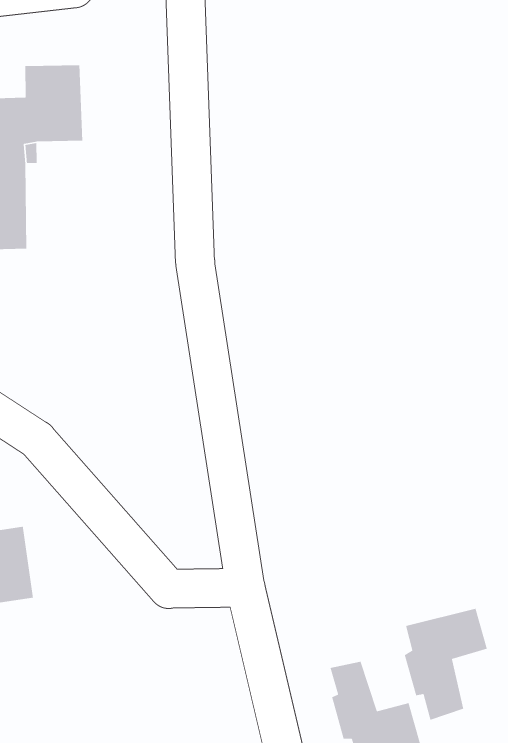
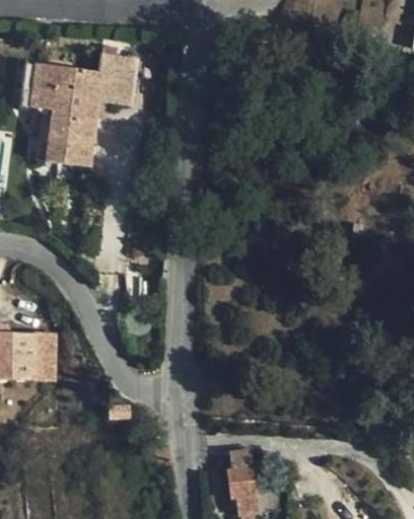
building: [404,608,488,721] -> none

